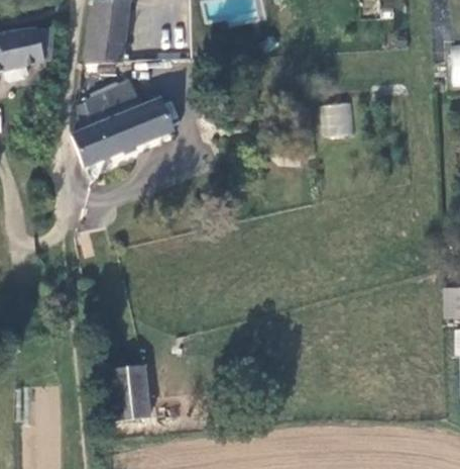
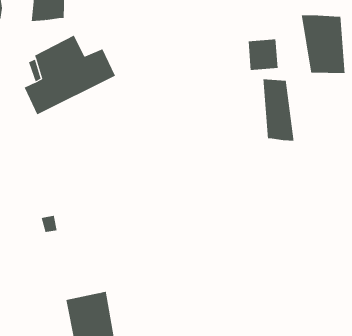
building: none -> [301,15,345,74]
building: none -> [263,79,294,142]

